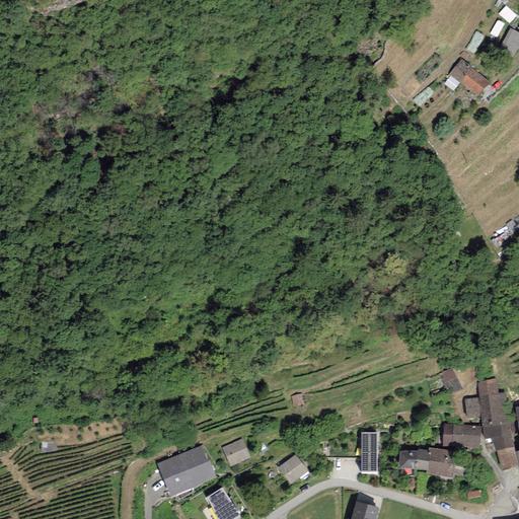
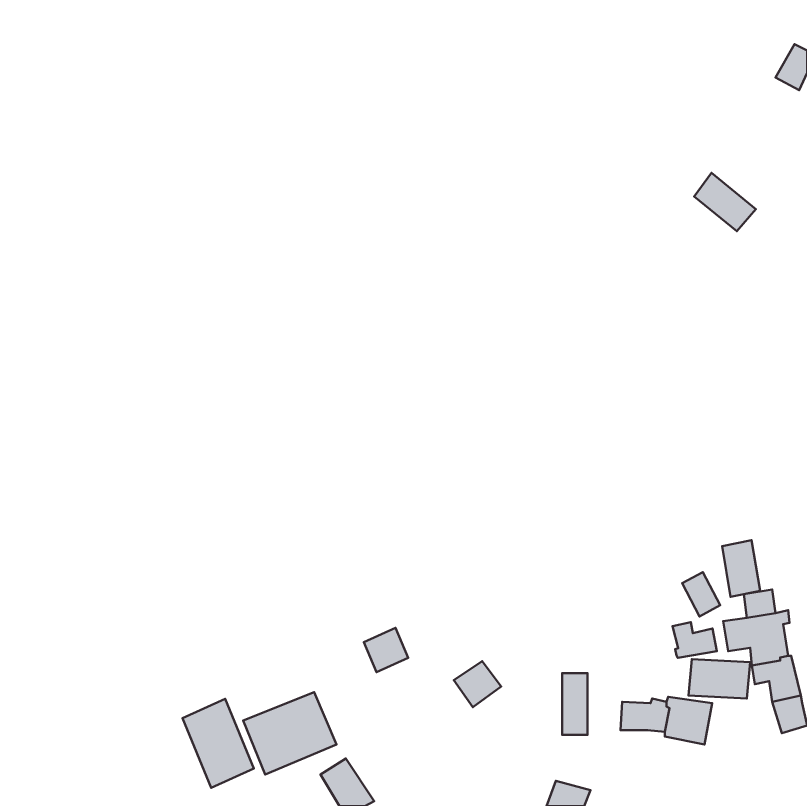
building: [450,59,490,96] -> [694,173,756,231]
building: none -> [722,540,760,597]
building: none -> [672,622,717,658]
building: [222,438,250,466] -> [364,628,408,672]
building: none -> [182,699,254,788]
building: [278,454,308,484] -> [454,661,501,707]

